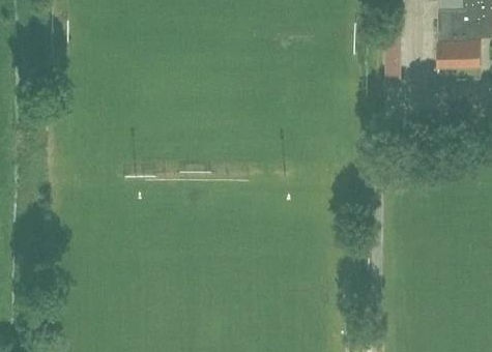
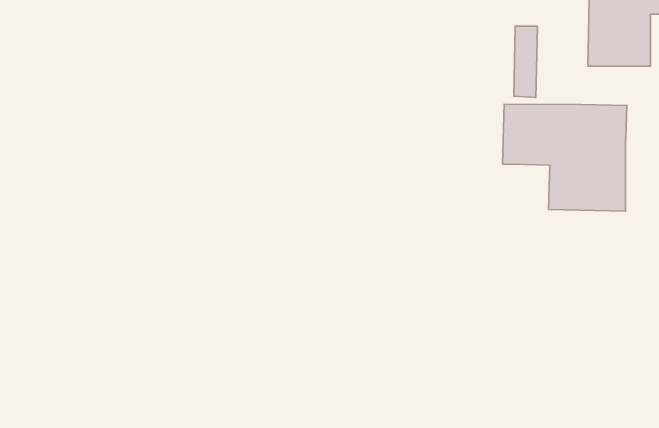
building: none -> [502,104,627,211]

